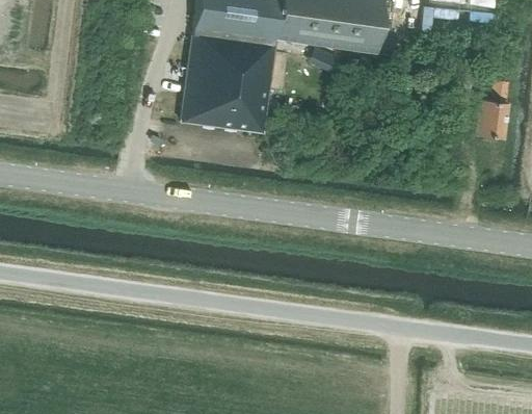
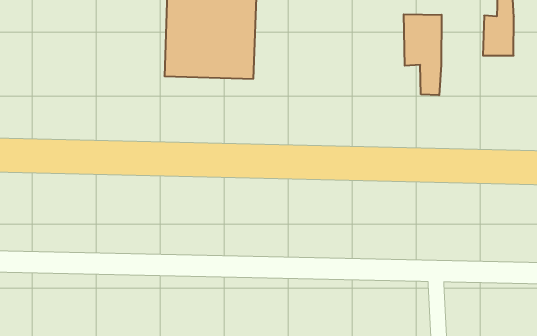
building: none -> [404,14,442,95]

